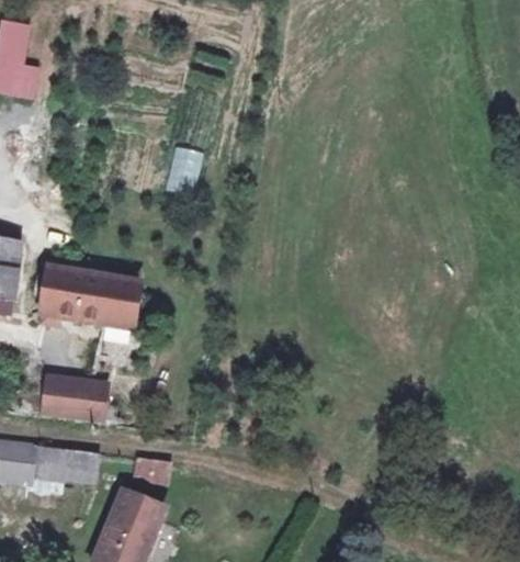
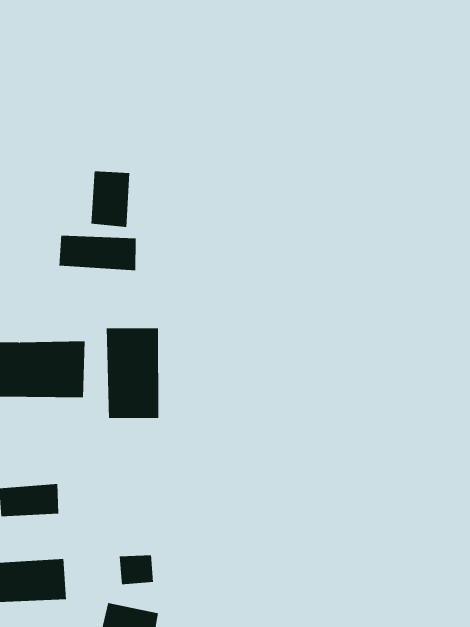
building: none -> [59,235,136,271]
building: none -> [106,327,159,419]

